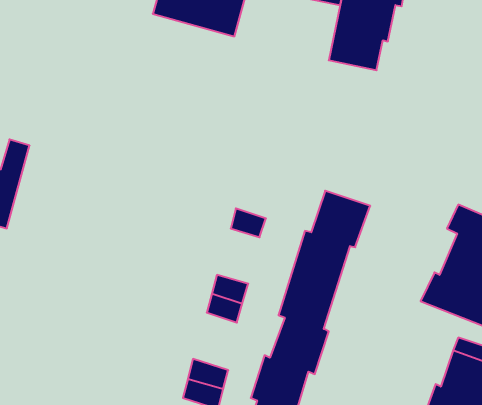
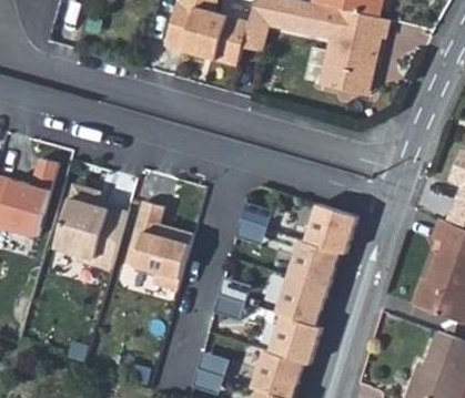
building: none -> [55,185,125,268]
building: none -> [124,201,192,290]

